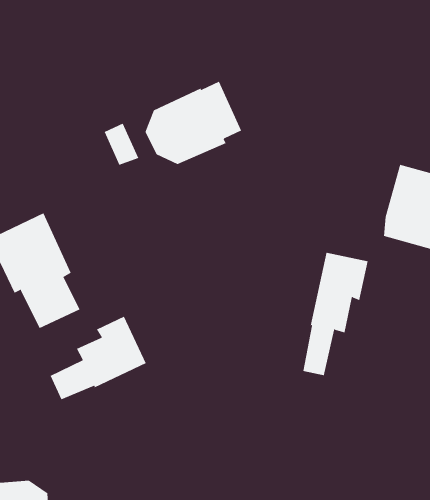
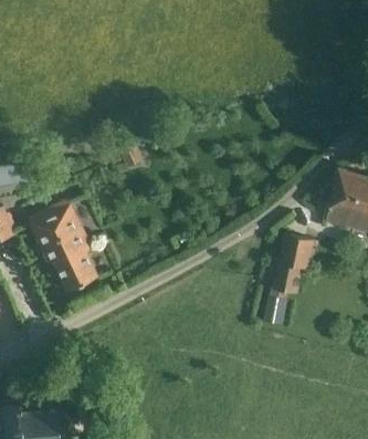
building: [145,81,242,165] -> none
building: [50,316,146,400] -> none

